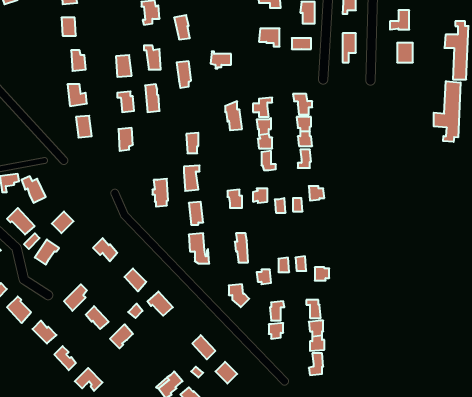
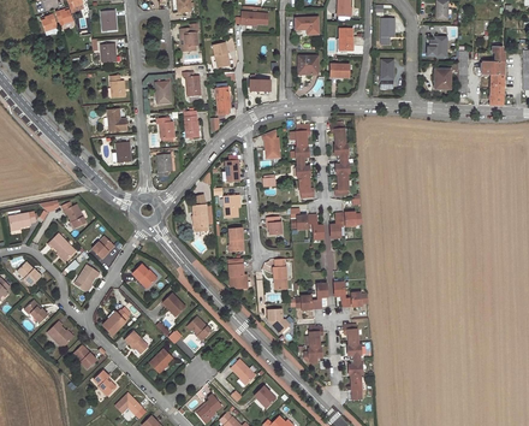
building: [434,81,461,142] -> none

